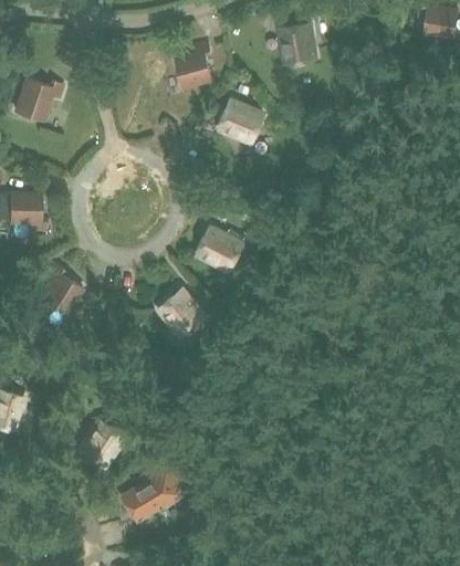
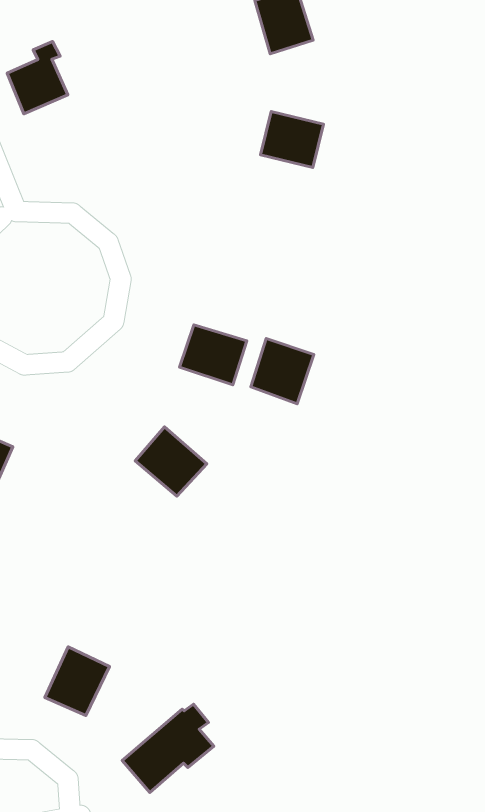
building: [175,41,211,84] -> [7,42,68,114]
building: [219,99,262,139] -> [260,111,323,168]
building: none -> [251,338,314,404]

